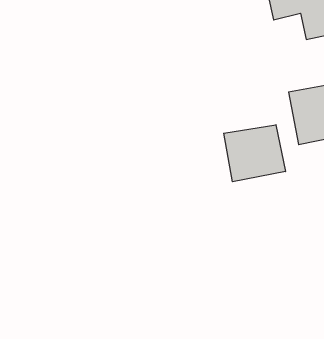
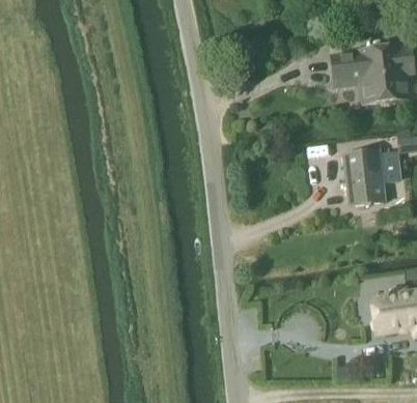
building: [224,125,285,182] -> none

